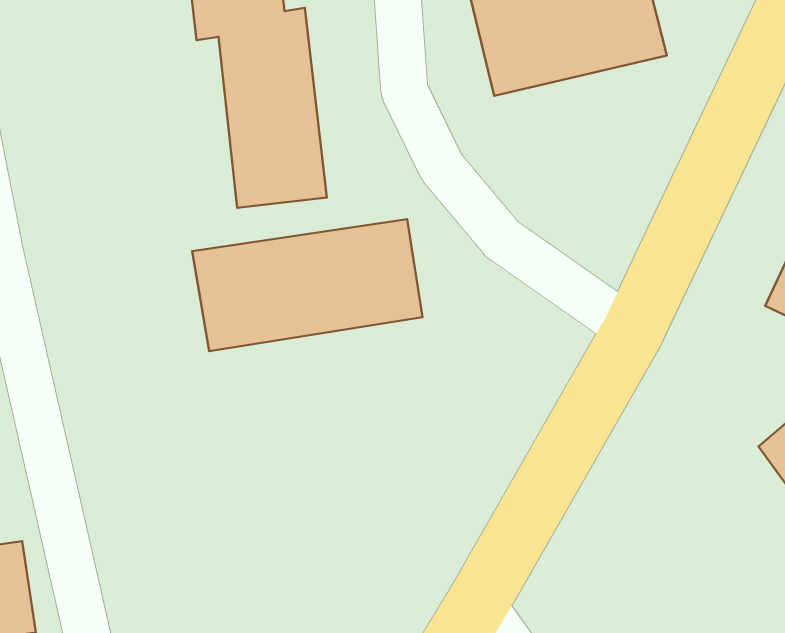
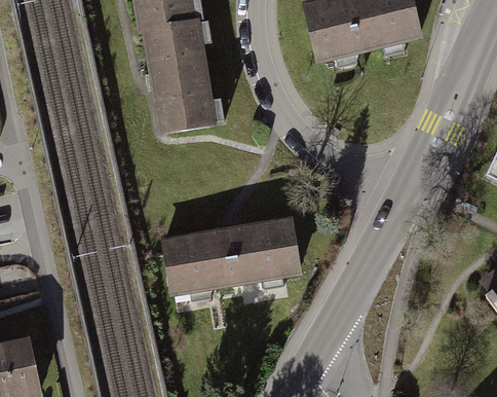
building: [192,219,422,351] -> [162,218,302,298]

